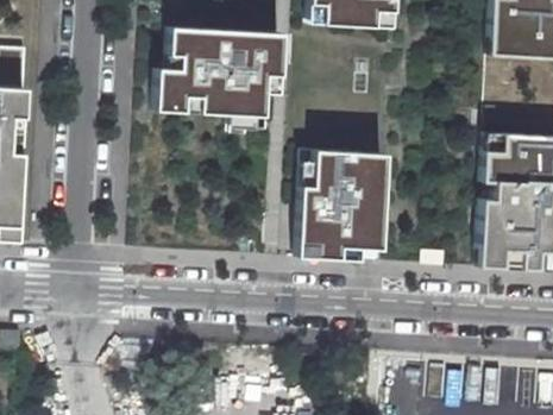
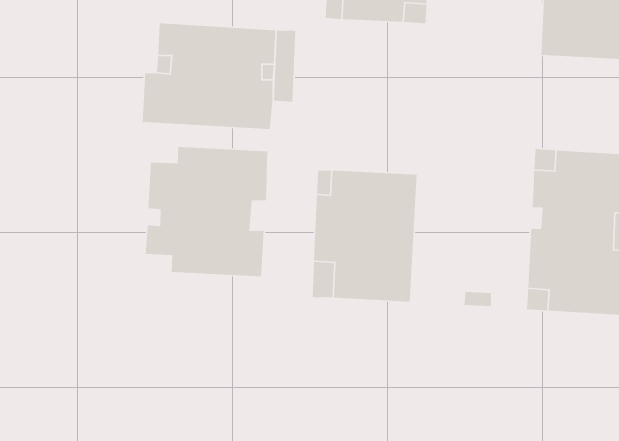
building: none -> [145,146,268,277]

